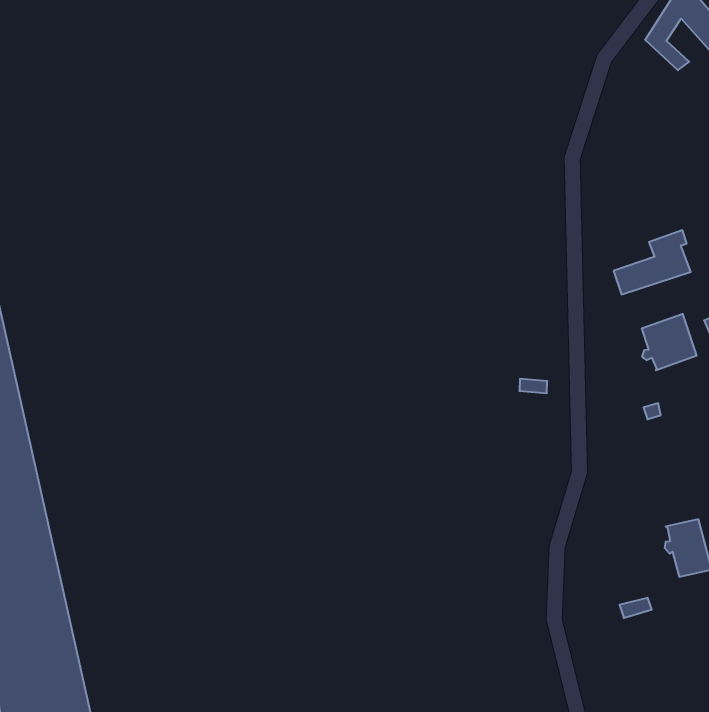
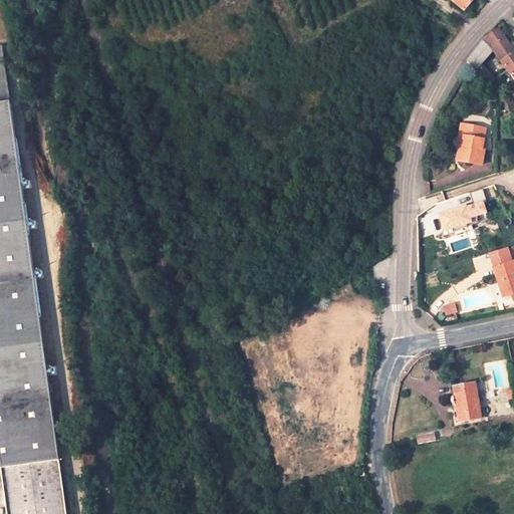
building: none -> [457,125,486,165]
building: [642,314,696,370] -> none

